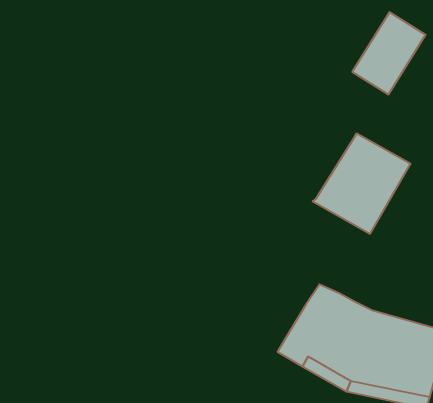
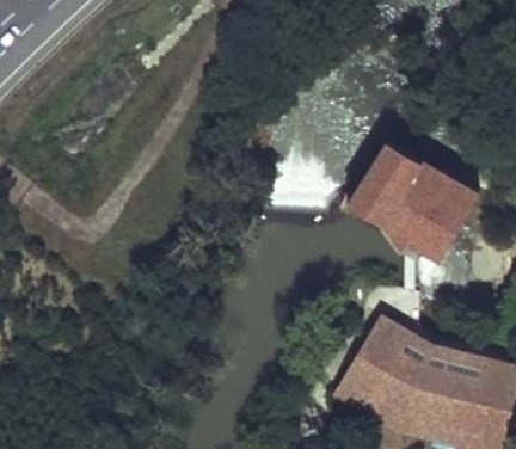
building: [352,12,426,94] -> [342,142,419,229]

